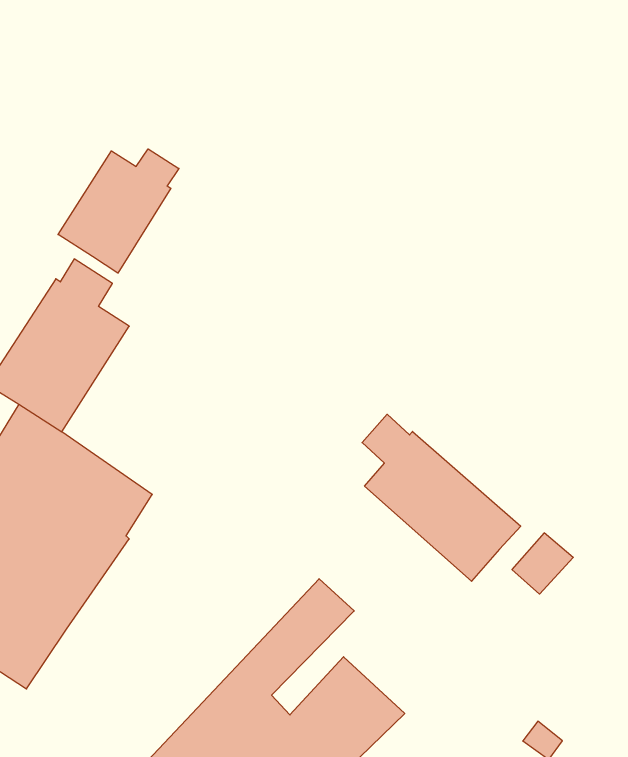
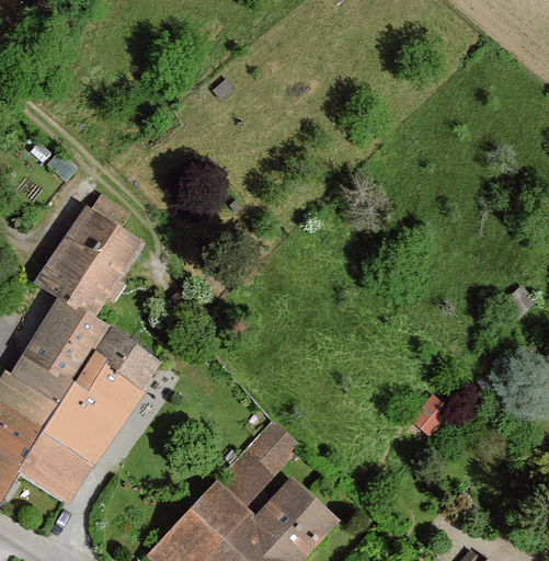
building: [58,149,179,273] -> none
building: [362,414,521,581] -> none

